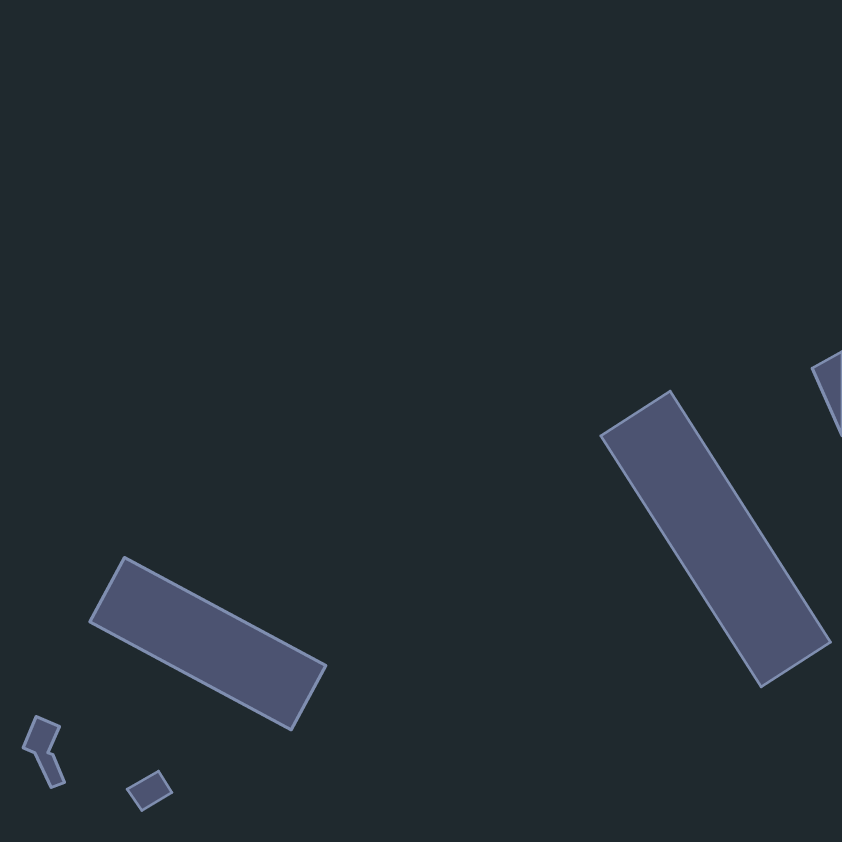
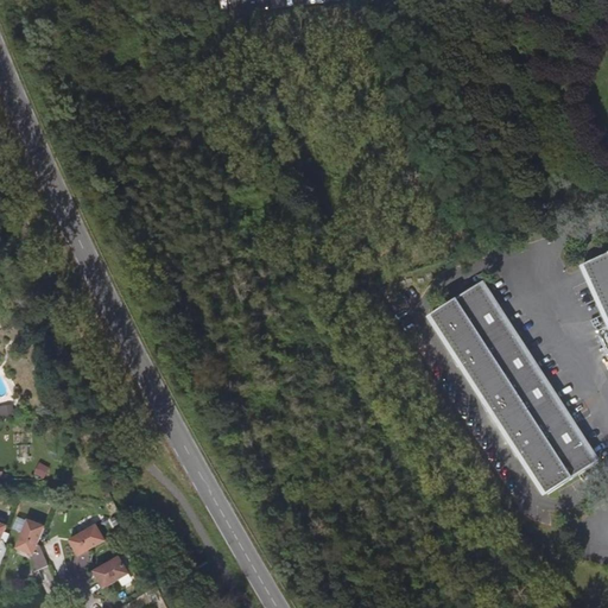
building: [90,558,326,730] -> none
building: none -> [68,524,100,572]

